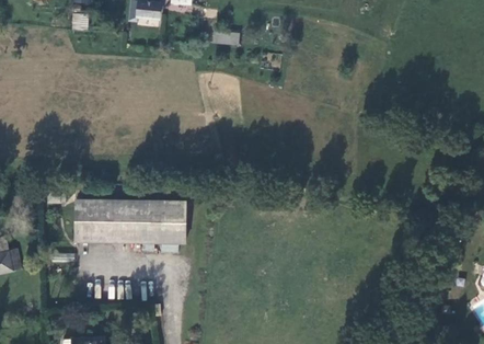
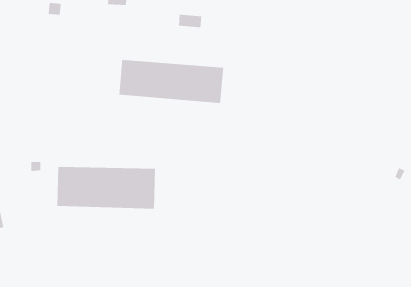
building: none -> [119,59,224,104]

